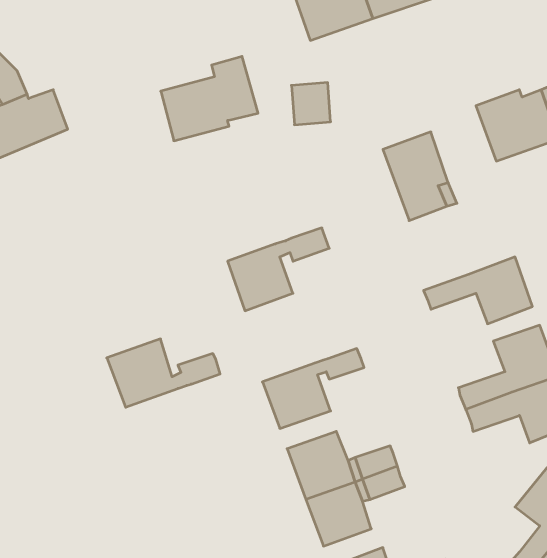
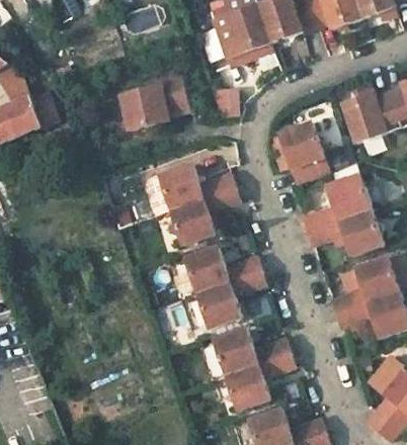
building: none -> [156,166,234,211]
building: none -> [300,174,369,232]
building: [107,339,220,407] -> [179,248,258,295]

